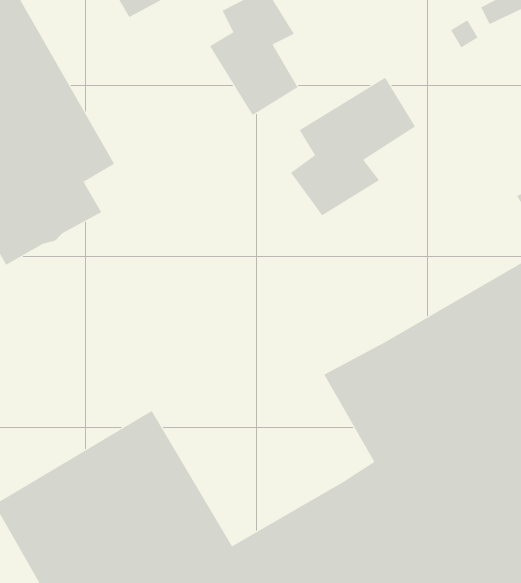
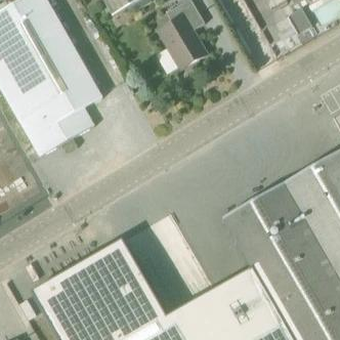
building: [290,77,416,216] -> none

